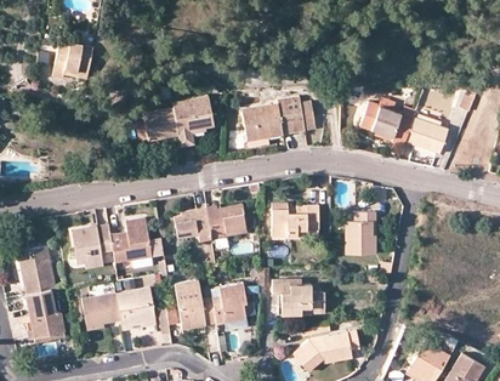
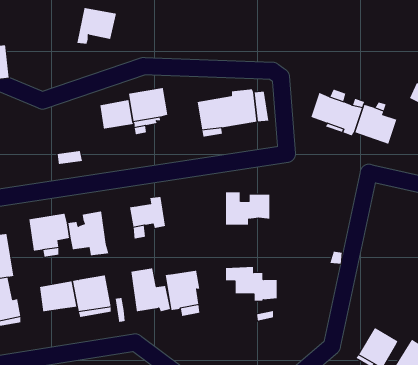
building: [52,41,93,79] -> [77,8,117,44]
building: [206,205,246,251] -> none
building: [345,212,376,255] -> none
building: [292,331,359,373] -> none

